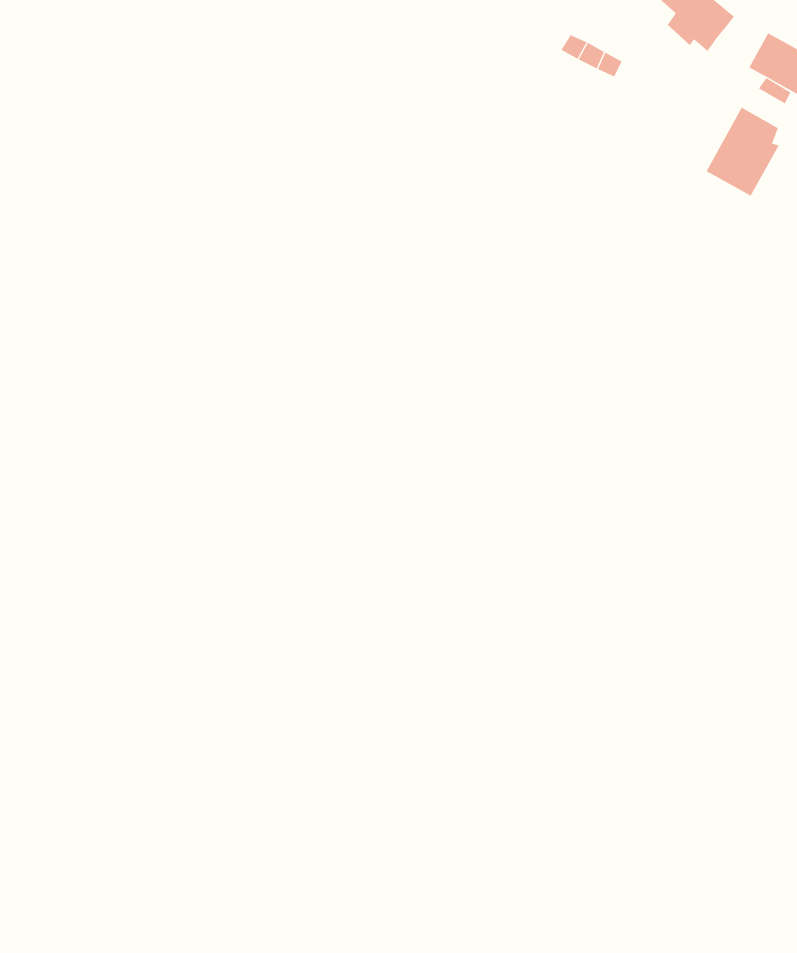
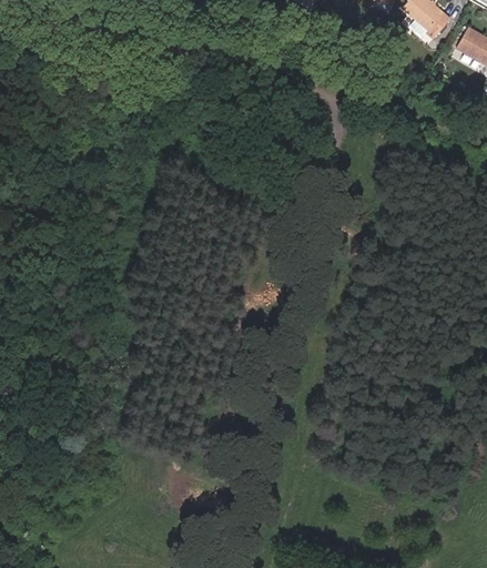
building: [706,107,779,197] -> none

